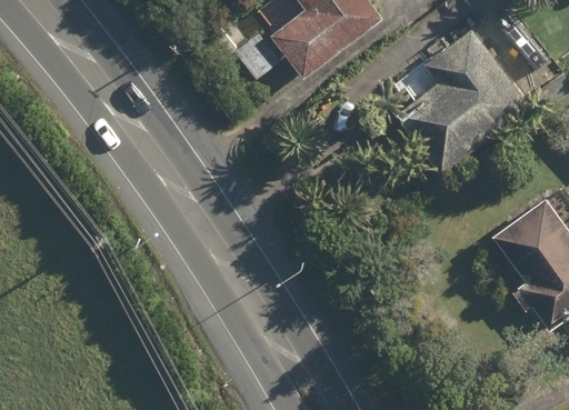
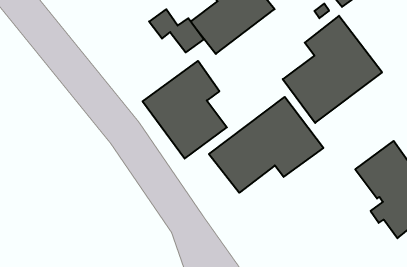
building: none -> [143,61,227,159]
building: none -> [209,97,323,193]

